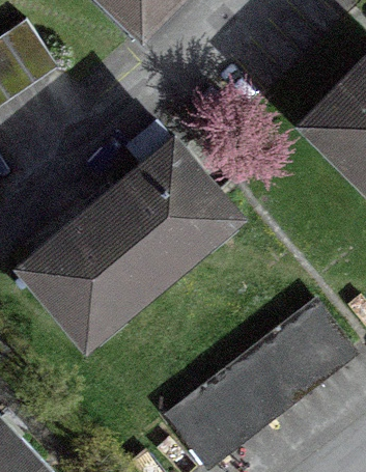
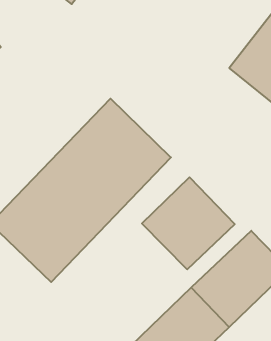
building: none -> [142,177,235,269]

